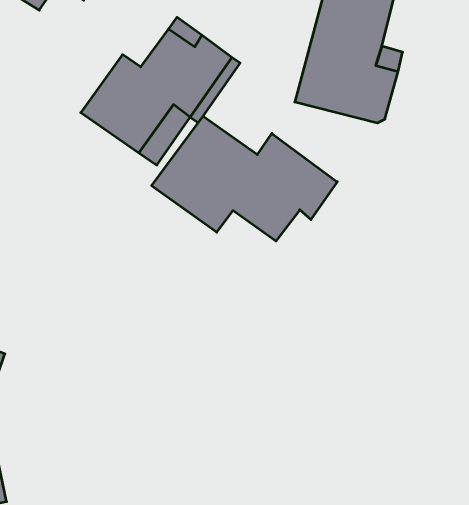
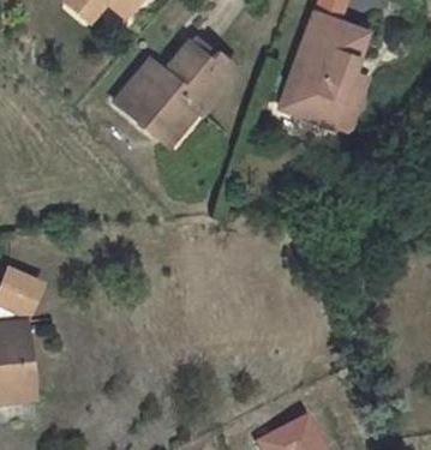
building: [152,116,337,241] -> none

